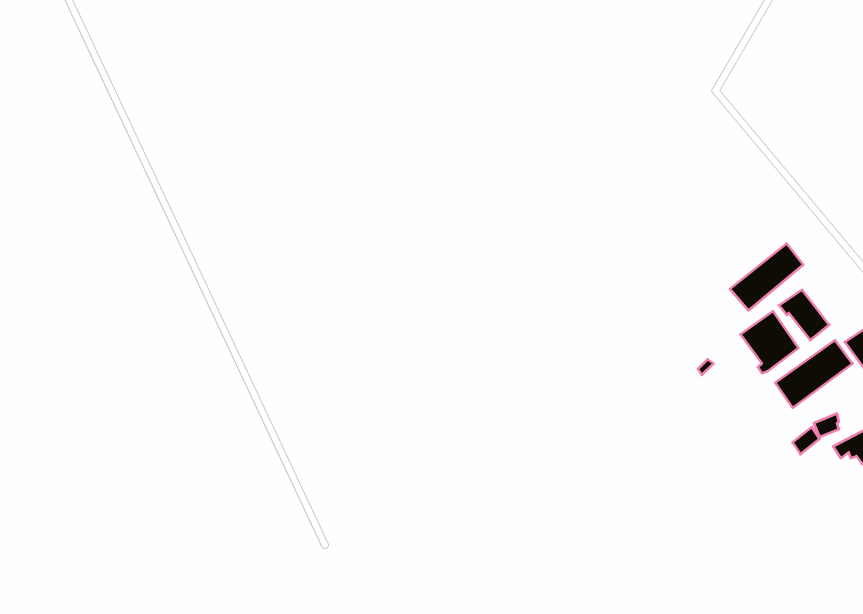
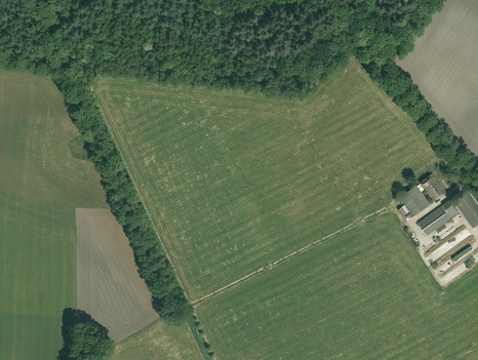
building: [730,244,803,310] -> none

